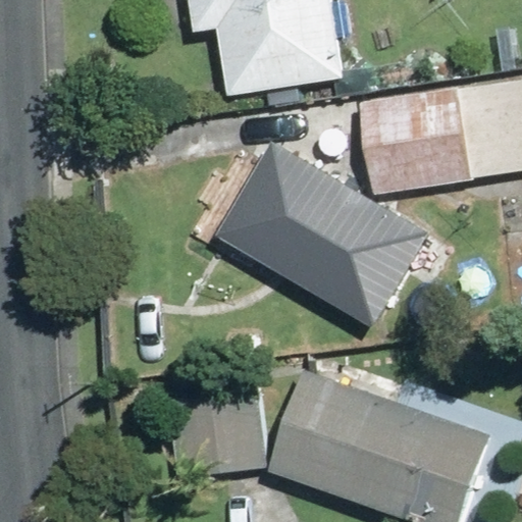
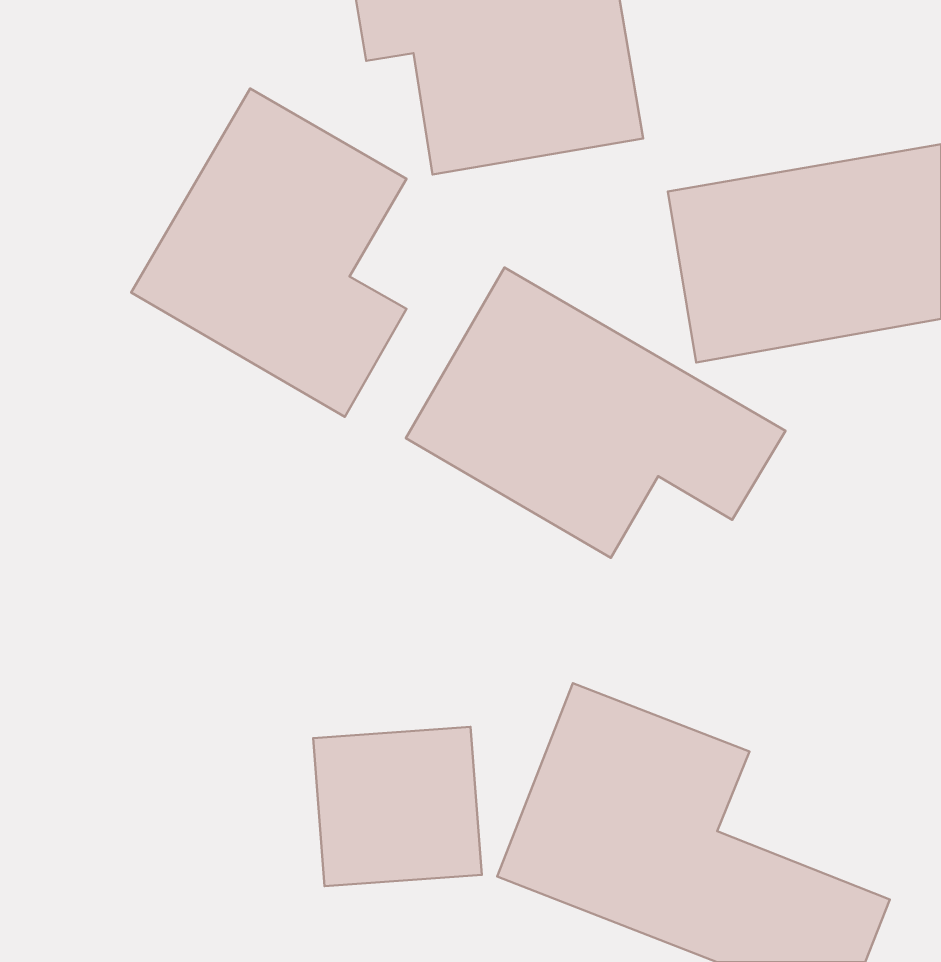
building: none -> [131,89,406,417]

